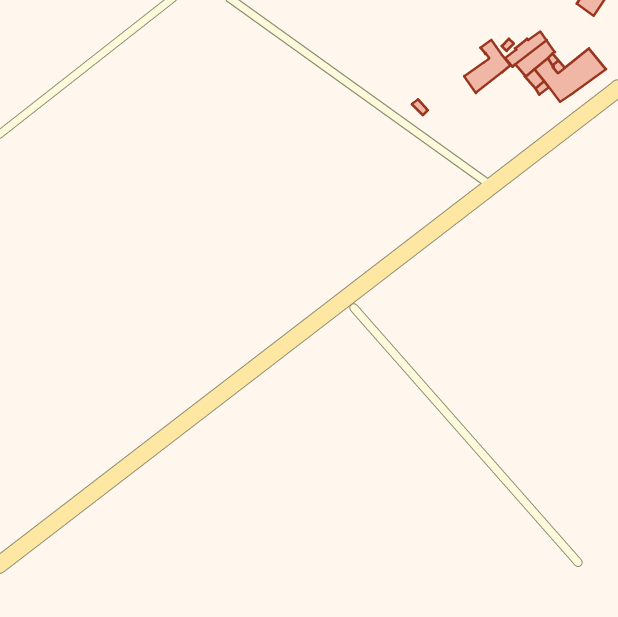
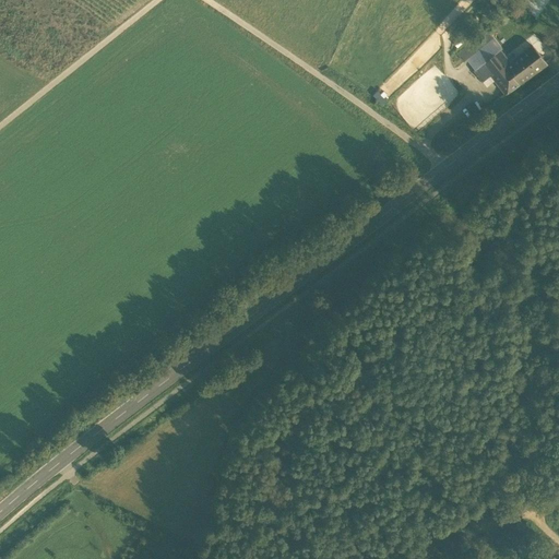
building: [464,40,510,93] -> none

